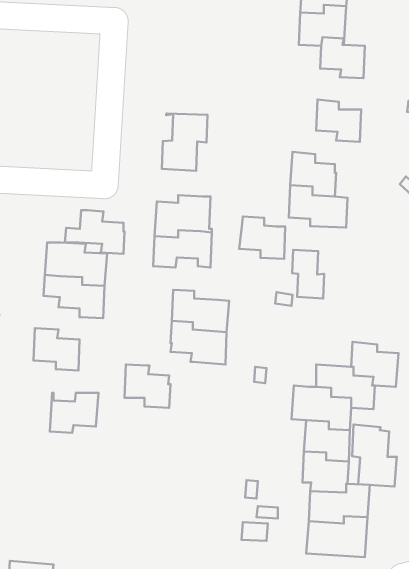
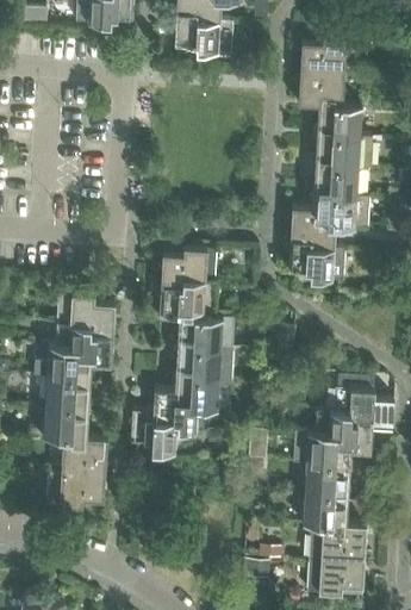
building: none -> [317,127,372,168]
building: [162,114,207,171] -> none
building: none -> [315,187,368,229]
building: [65,210,125,254] -> [33,346,91,387]
building: [239,217,285,259] -> [179,309,223,349]
building: [292,250,324,299] -> none
building: none -> [154,390,198,431]
building: none -> [43,407,88,447]
building: [352,424,397,487] -> none
building: none -> [45,469,105,508]

